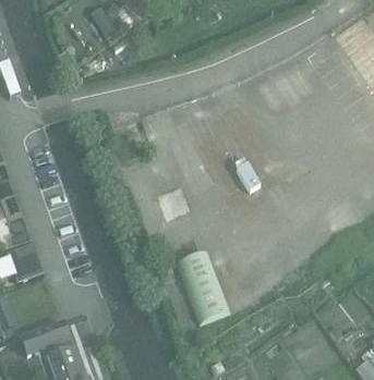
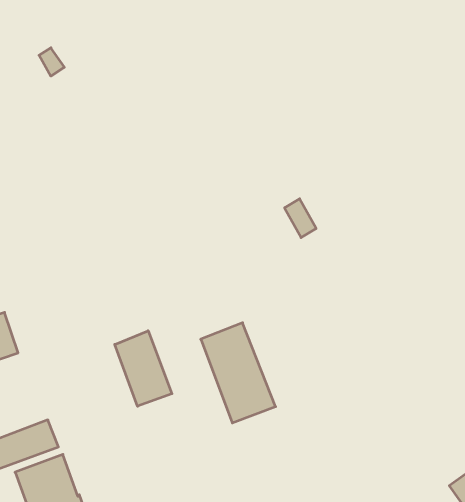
building: none -> [115,331,172,406]

